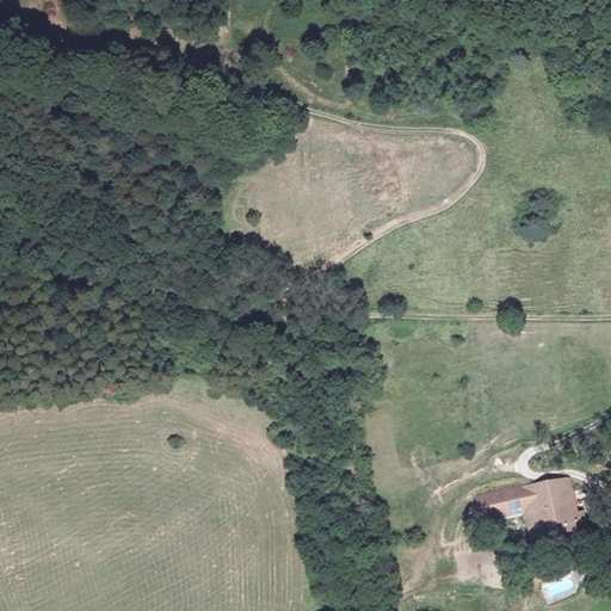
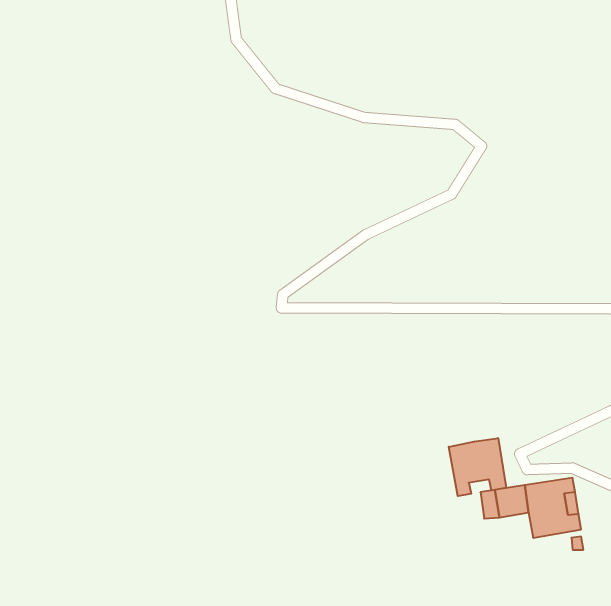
building: none -> [449,438,506,496]

